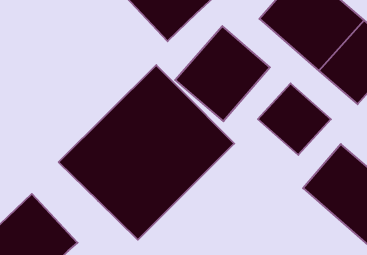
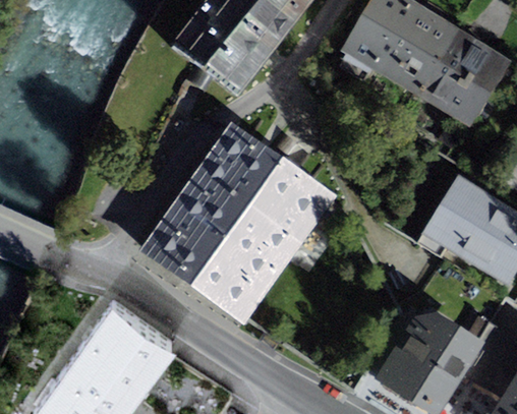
building: [175,26,270,121] -> none
building: [258,83,331,155] -> none

